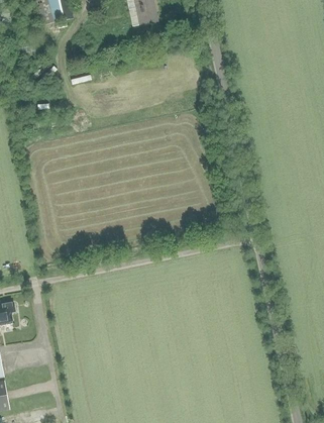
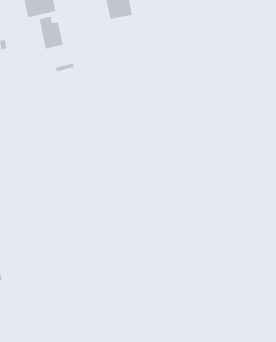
building: none -> [39,16,63,49]

